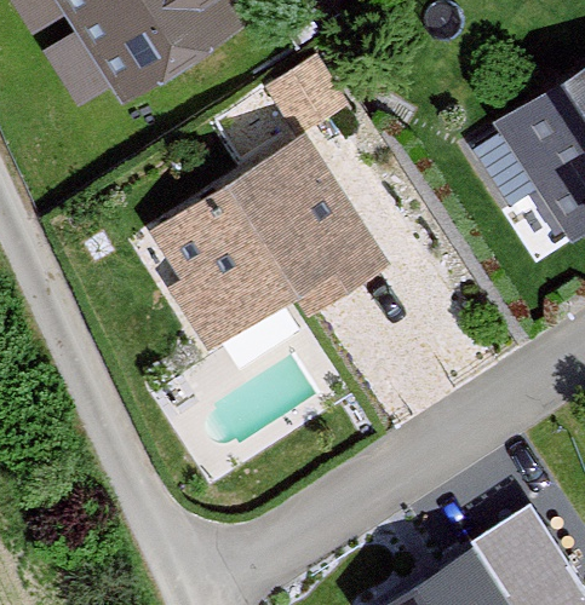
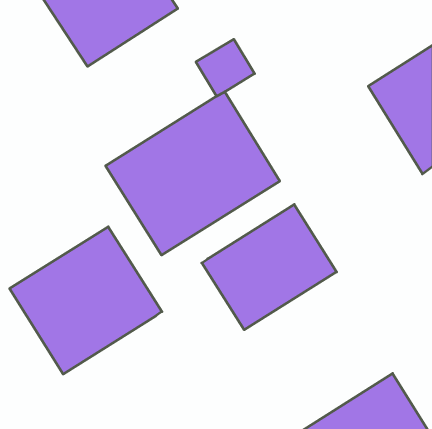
building: none -> [202,204,337,330]
building: none -> [10,227,162,374]

